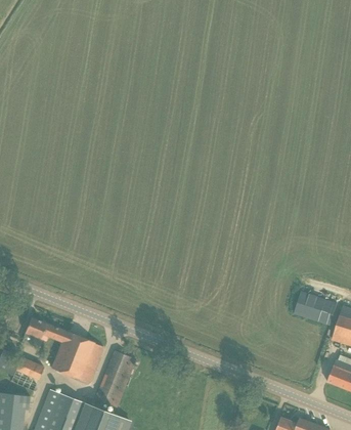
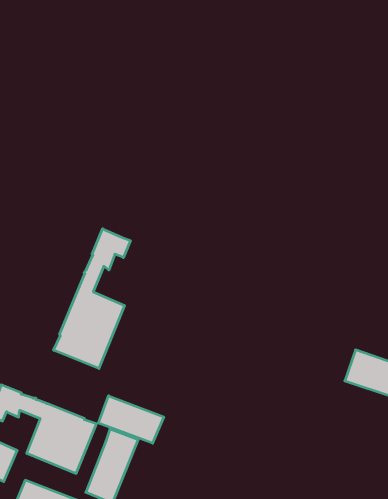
building: none -> [54,229,130,369]
building: none -> [99,396,164,443]

